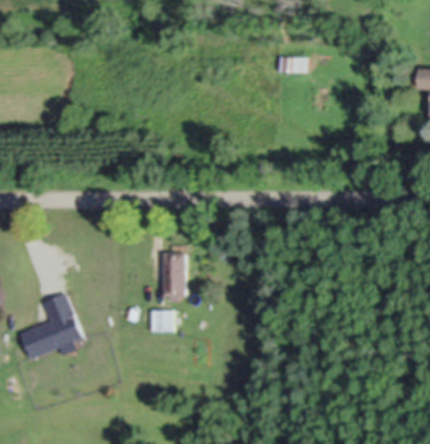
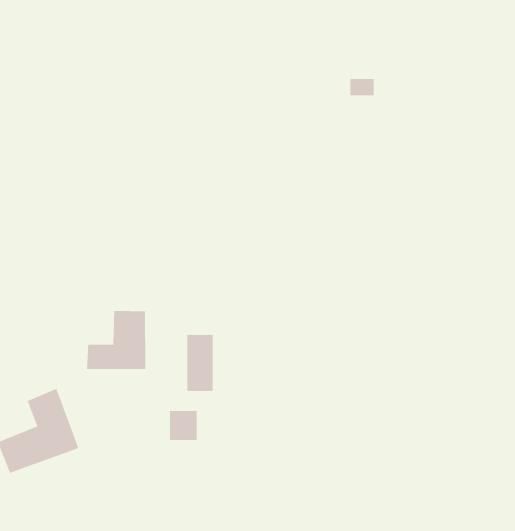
building: none -> [86,310,146,370]

